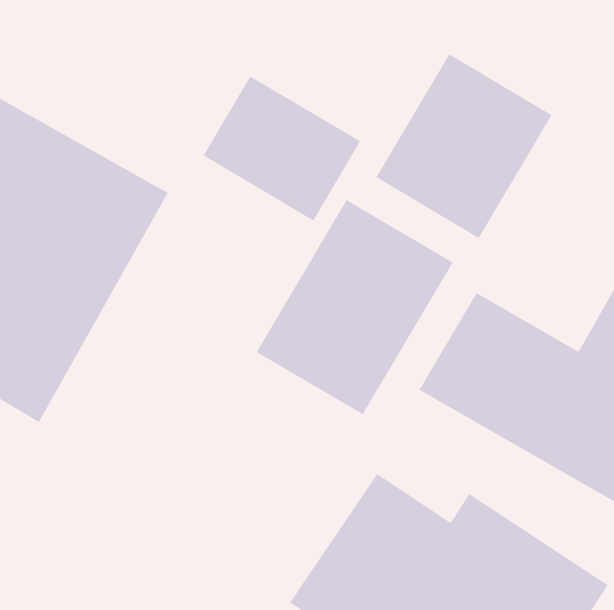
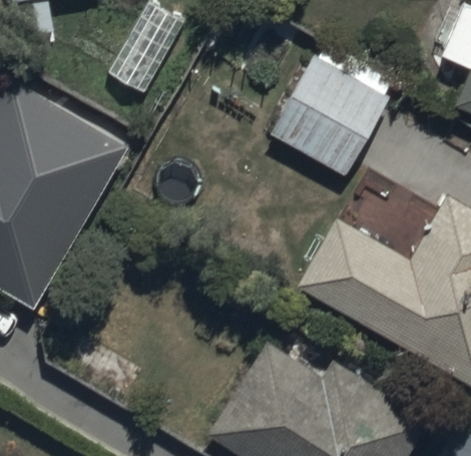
building: [203,75,361,221] -> none
building: [256,199,454,415] -> none

